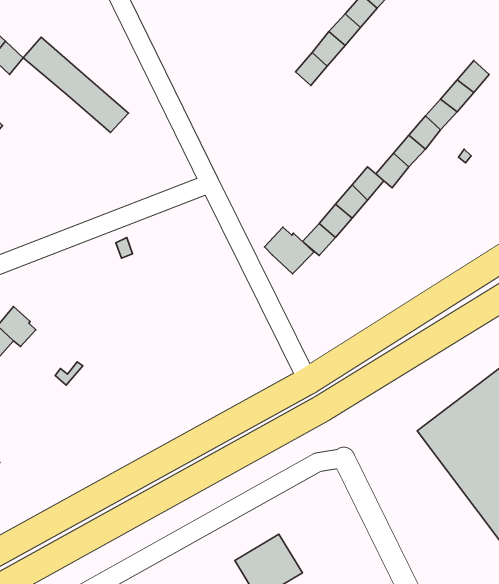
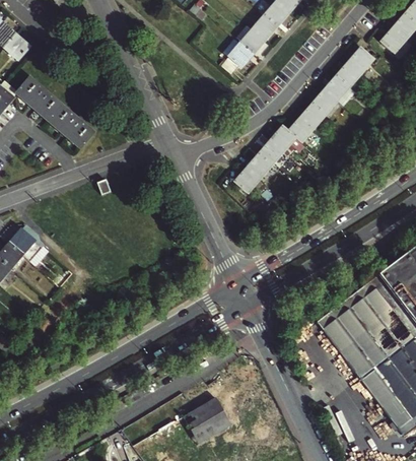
building: [23,37,128,132] -> [16,77,93,147]
building: [265,227,314,274] -> none

